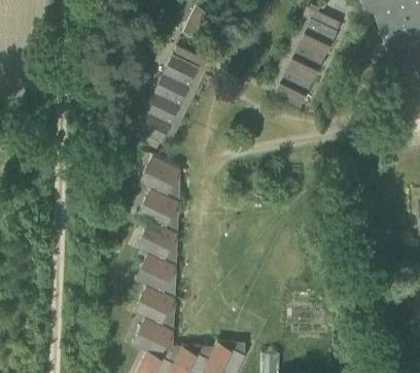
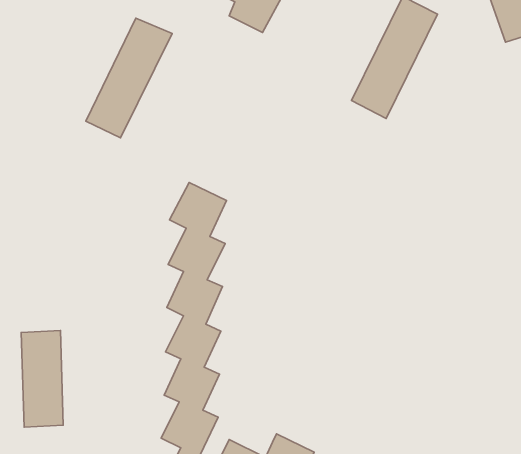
building: [139,49,203,138] -> [86,18,172,138]
building: none -> [21,331,63,427]

